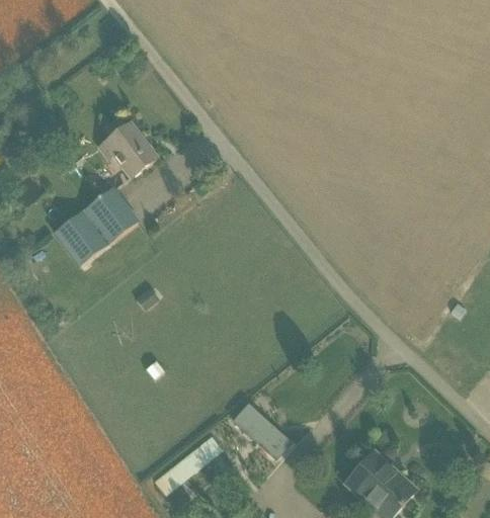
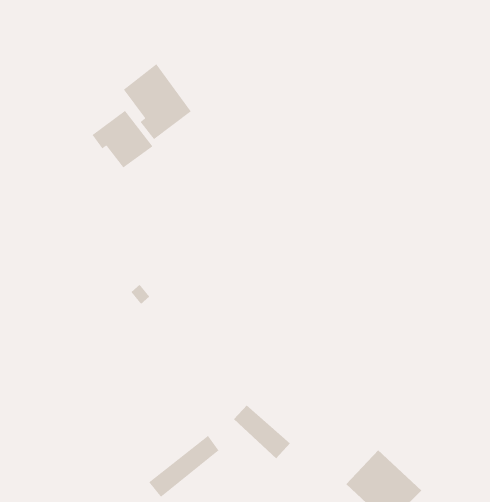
building: none -> [123,63,192,140]
building: [55,186,139,265] -> none

